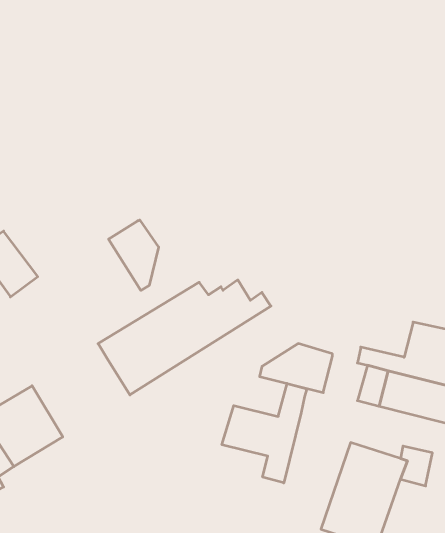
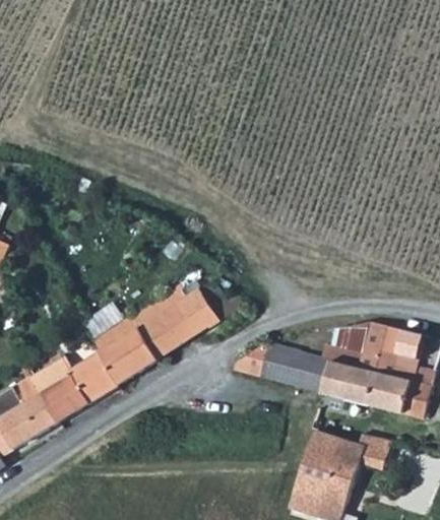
building: [109,220,159,290] -> none
building: none -> [290,351,329,391]
building: none -> [29,353,117,424]
building: [222,383,307,483] -> none

